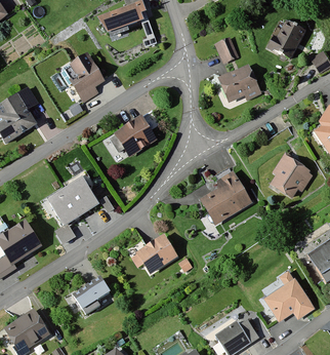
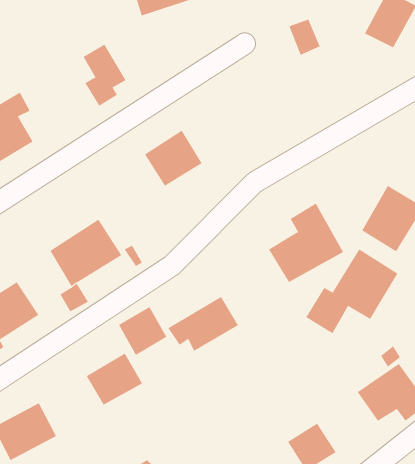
building: [217,65,257,101] -> none
building: none -> [305,249,398,334]
building: none -> [118,306,167,356]

